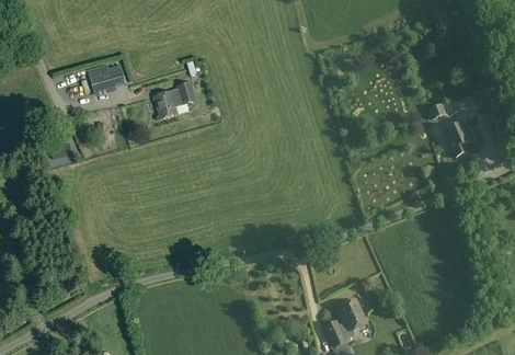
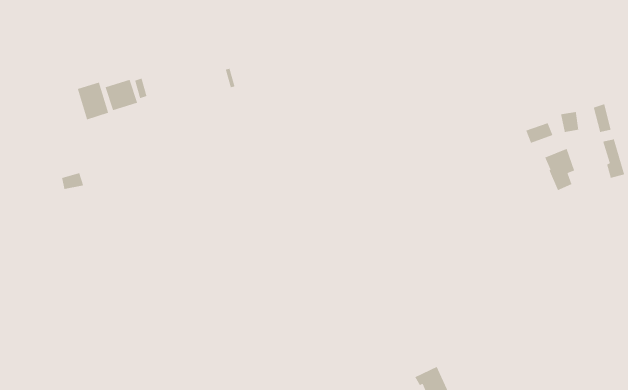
building: none -> [77,81,109,120]
building: [153,82,195,118] -> none

